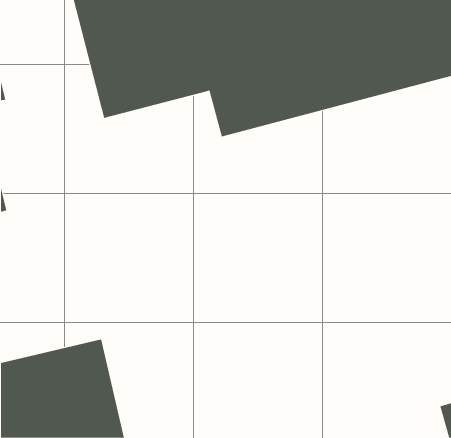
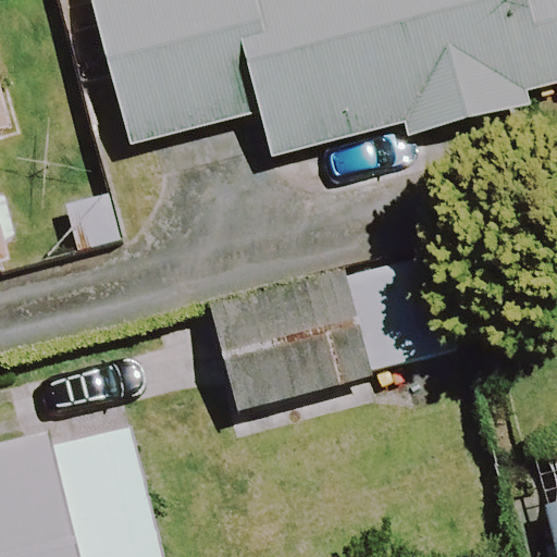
building: none -> [211,255,440,410]

